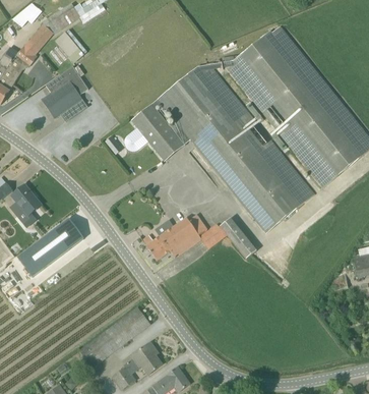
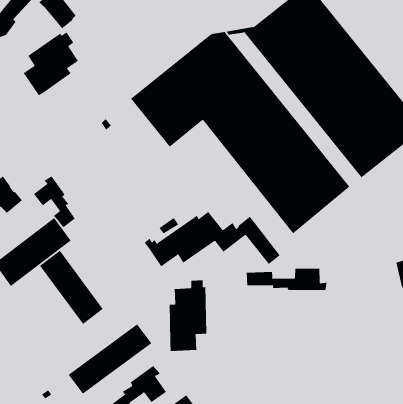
building: none -> [33,175,75,228]
building: none -> [39,250,104,325]
building: none -> [246,268,327,291]
building: none -> [169,280,207,352]

